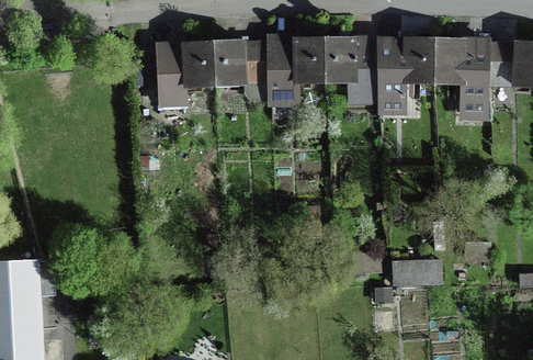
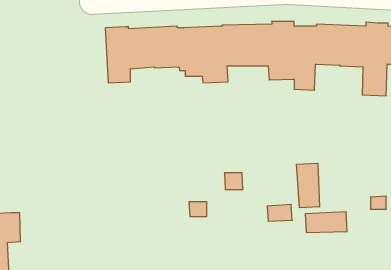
building: none -> [296,163,320,208]

